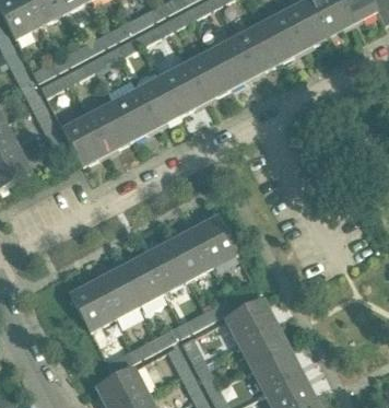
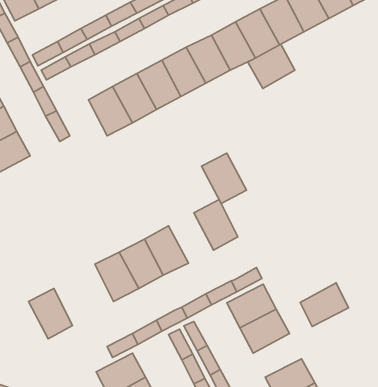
building: none -> [248,44,295,89]
building: [62,117,107,166] -> none
building: [168,230,213,280] -> [201,153,246,203]
building: [70,281,114,331] -> [28,288,72,339]
building: [252,350,300,394] -> [300,283,348,327]

